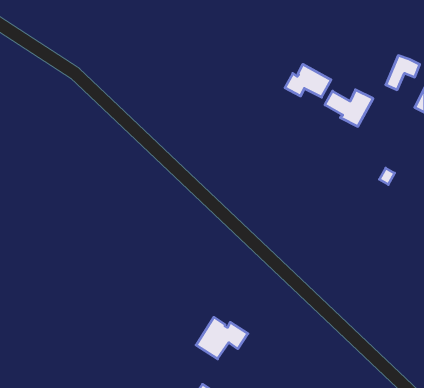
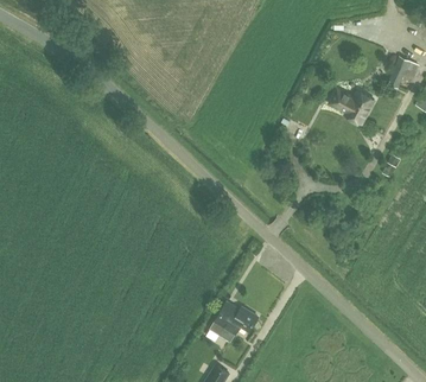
building: [285,64,331,97] -> none

